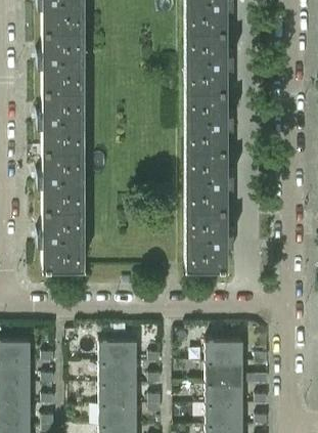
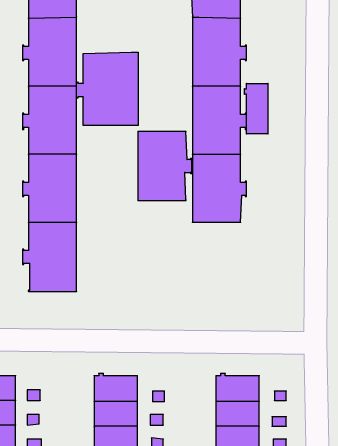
building: none -> [77,52,138,125]
building: none -> [244,83,268,134]
building: [185,208,232,268] -> [138,131,192,201]

